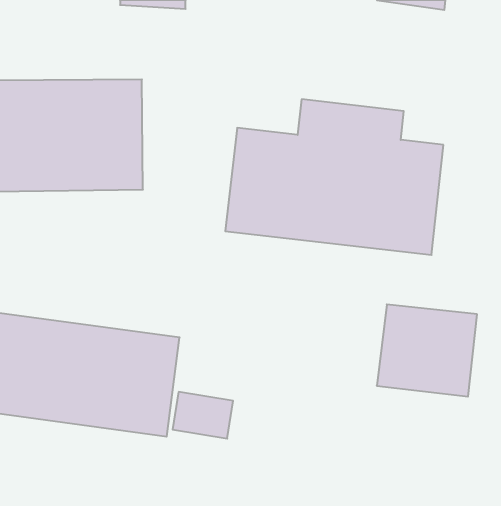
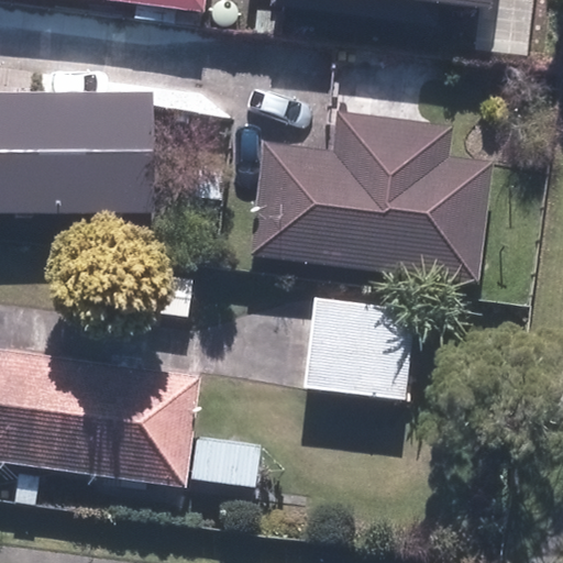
building: [377,304,477,397] -> [302,298,413,400]

